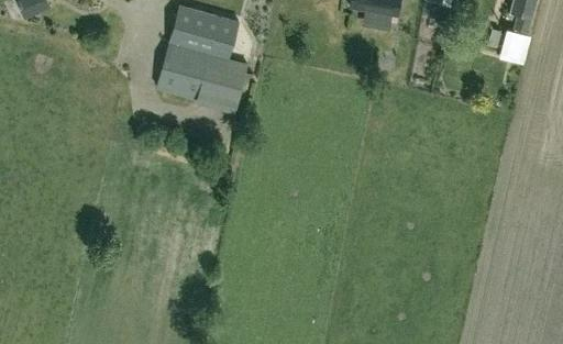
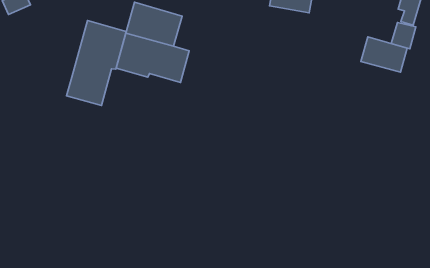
building: none -> [67,21,126,106]
building: none -> [361,37,407,72]

